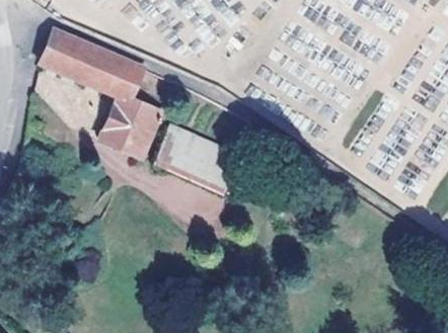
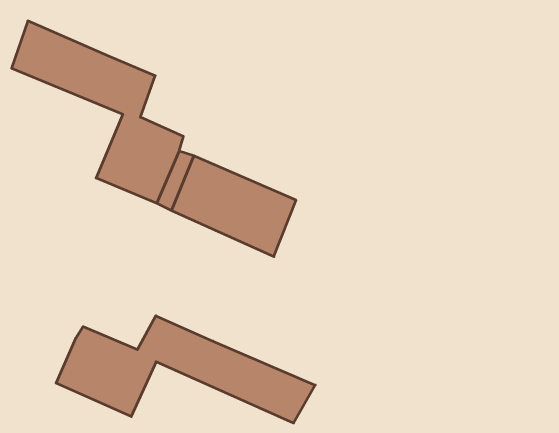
building: none -> [56,316,315,423]

